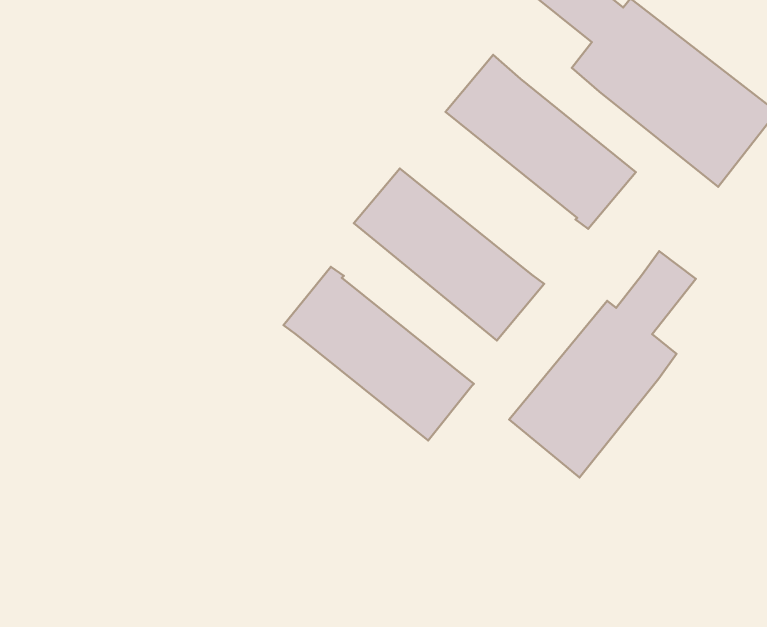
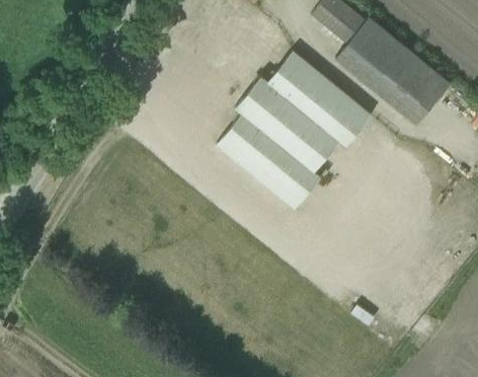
building: [509,251,696,477] -> none
building: [283,267,474,441] -> [234,76,339,172]

